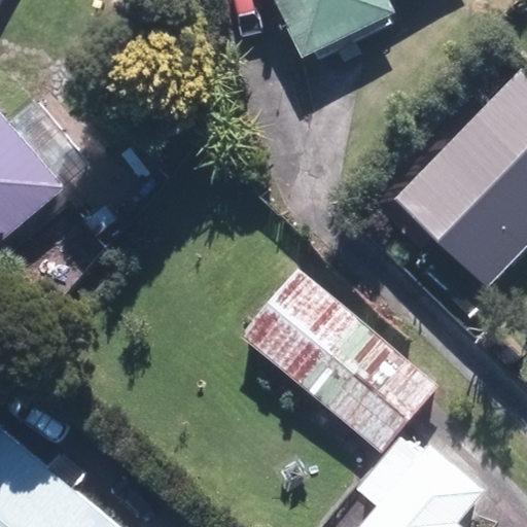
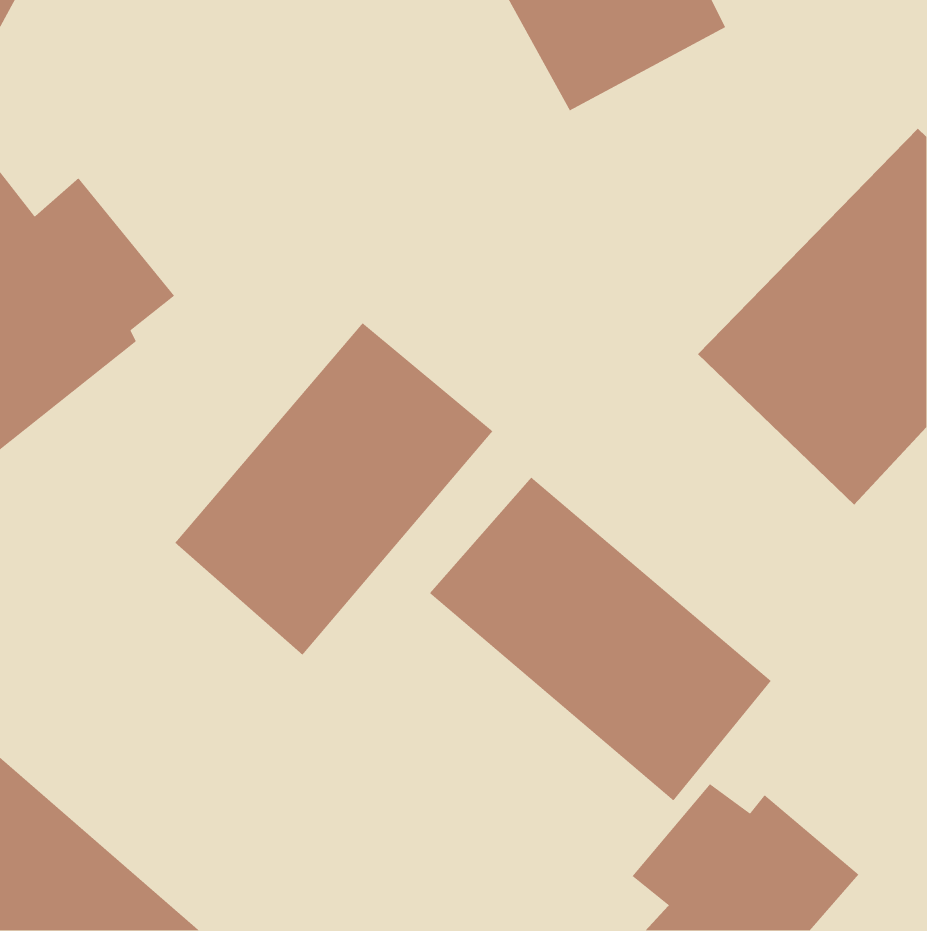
building: none -> [174,322,494,656]

